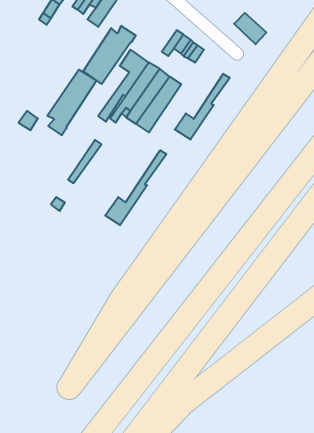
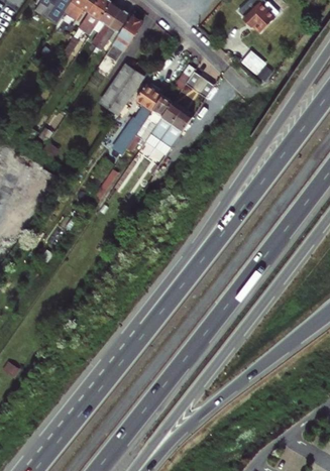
building: [47,70,96,135] -> none
building: [175,74,230,140] -> none
building: [105,150,166,225] -> none

